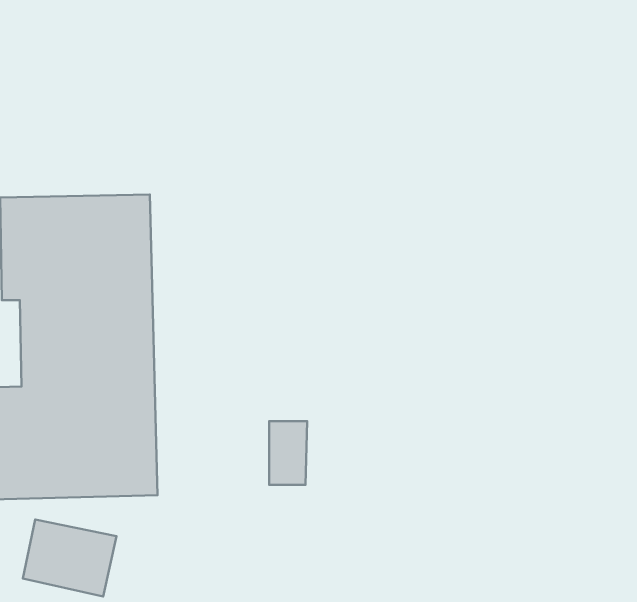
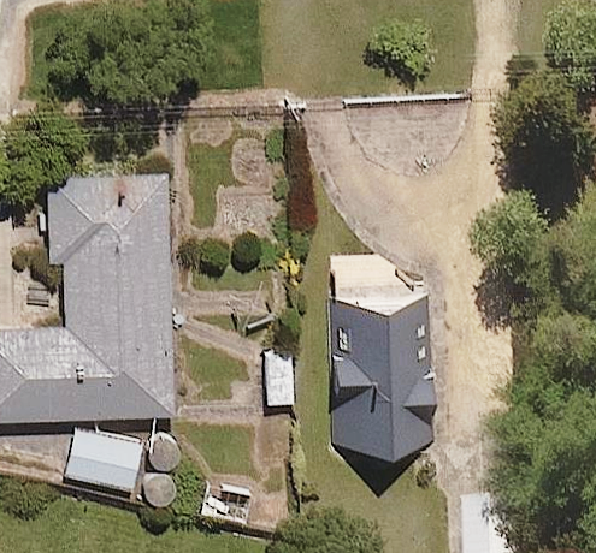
building: none -> [325,291,432,471]

